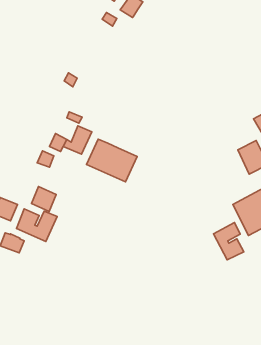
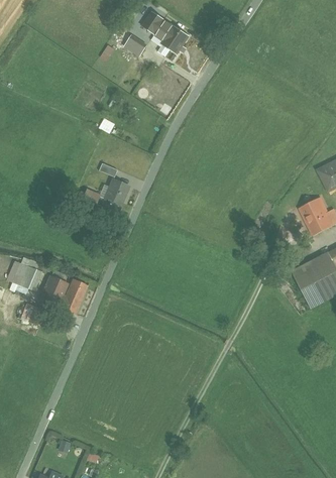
building: [87,139,137,182] -> none
building: [31,187,56,211] -> none
building: [213,223,244,260] -> none

